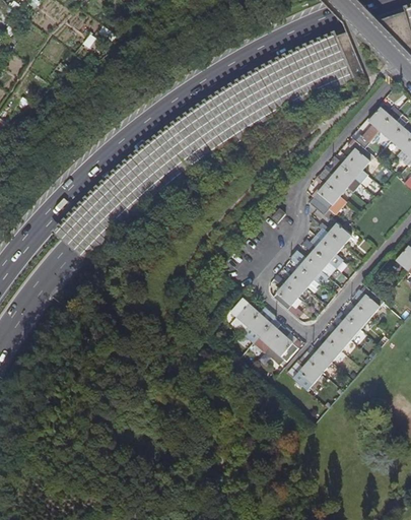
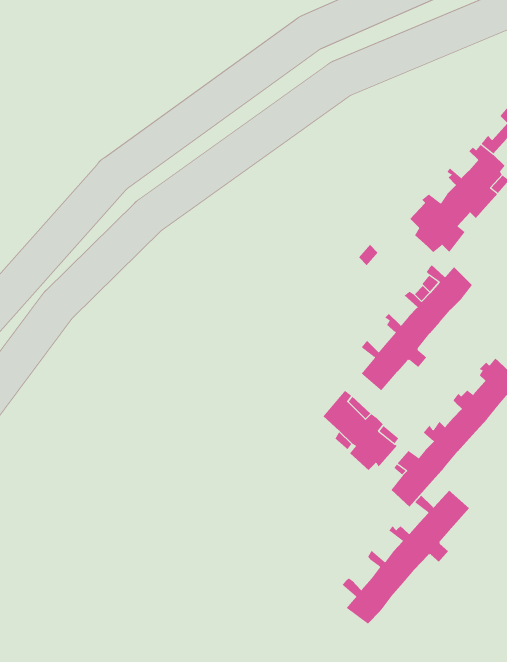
building: [229,299,262,334] -> none
building: none -> [342,490,470,625]

